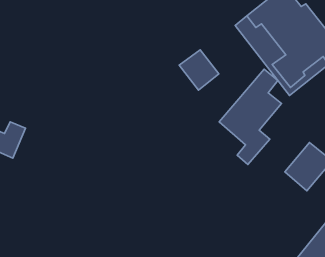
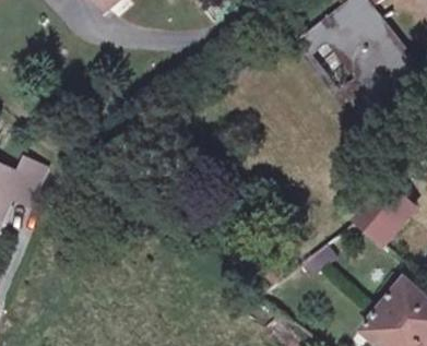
building: [179,50,219,90] -> none
building: [219,69,281,165] -> none

